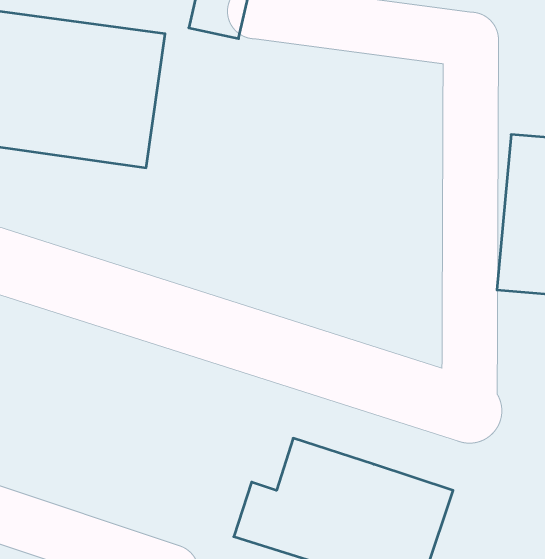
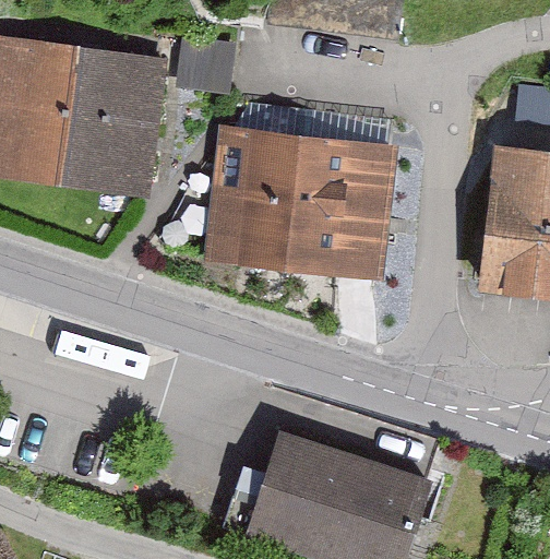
building: none -> [215,130,394,271]

